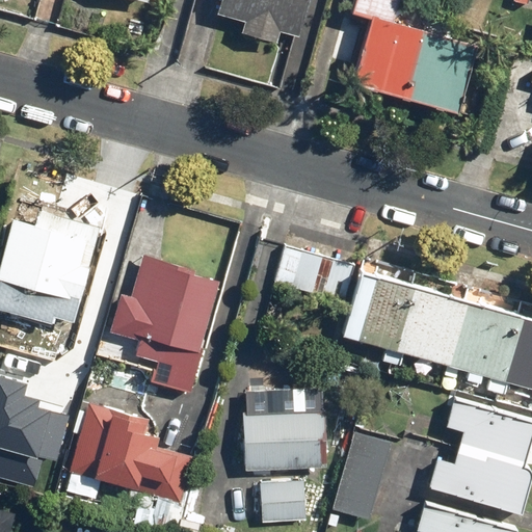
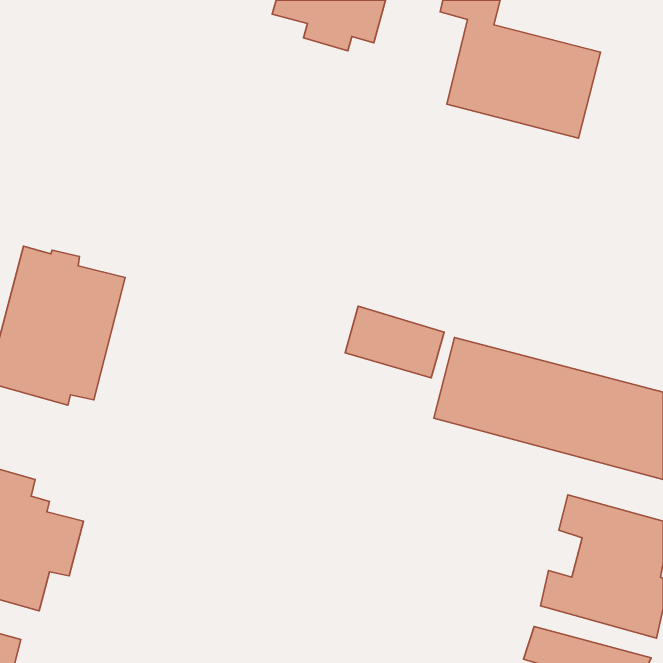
building: [110,252,220,391] -> none
building: [65,401,188,501] -> none
building: [241,408,326,470] -> none
building: [330,432,392,520] -> none
building: [260,481,305,523] -> none

